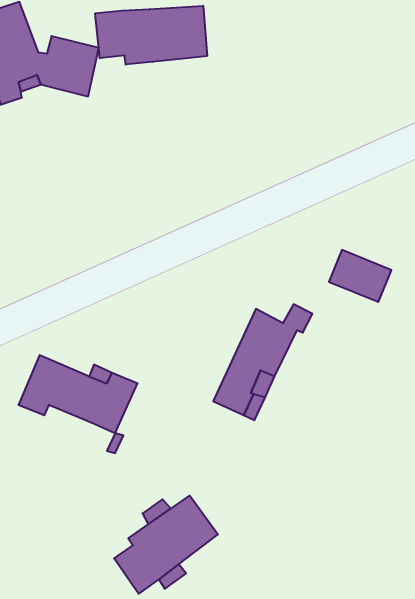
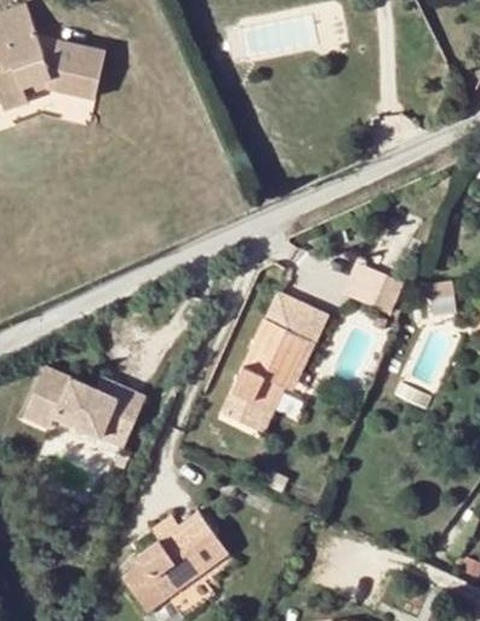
building: [95,6,207,65] -> none
building: none -> [267,294,328,335]

